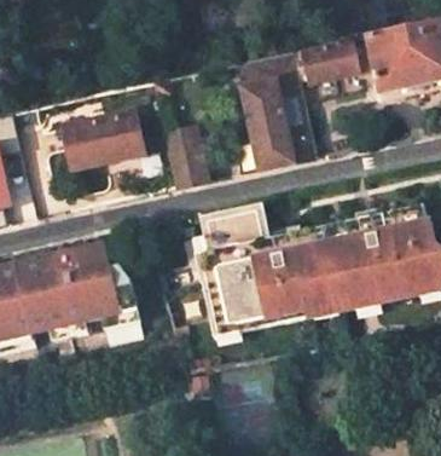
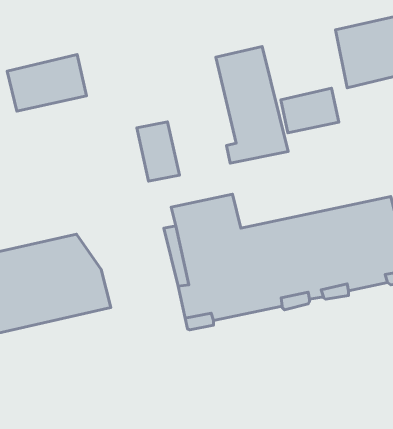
building: [298,37,358,83] -> [281,88,339,133]
building: [60,111,141,169] -> [7,54,87,111]

